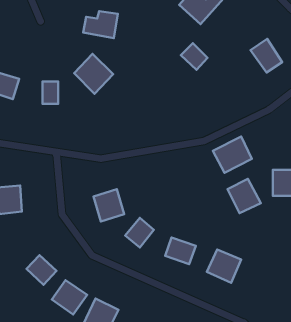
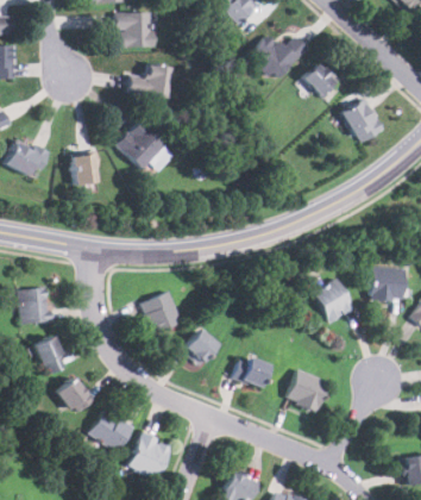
building: [181,43,208,70] -> [302,62,337,96]
building: [213,137,252,173] -> none
building: none -> [34,336,65,375]

